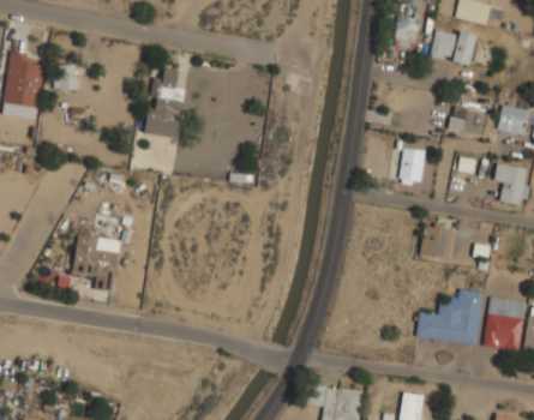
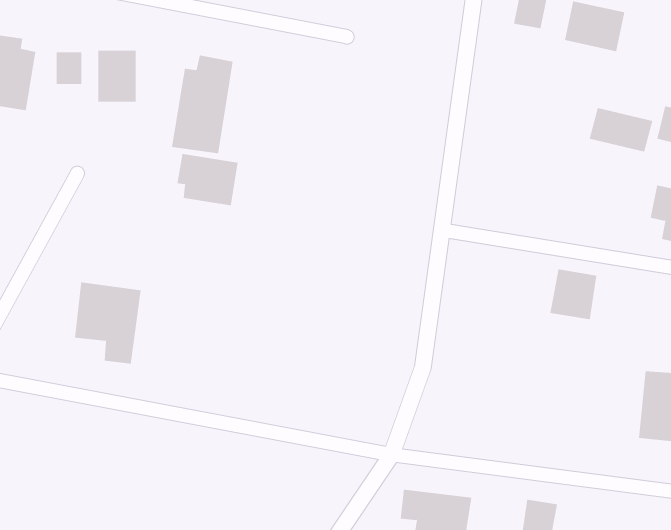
building: none -> [98,50,136,102]
building: none -> [177,153,238,206]
building: [397,146,425,186] -> none
building: [415,288,482,344] -> none

